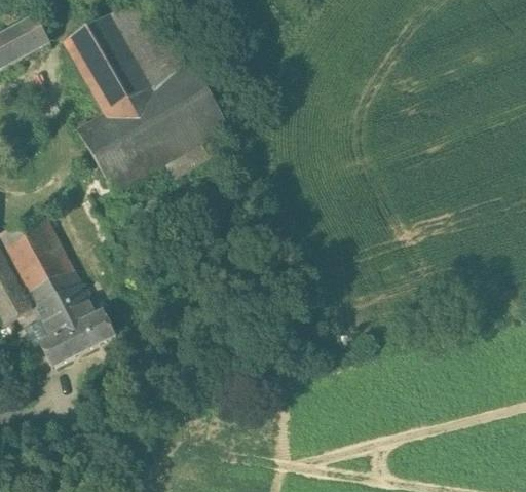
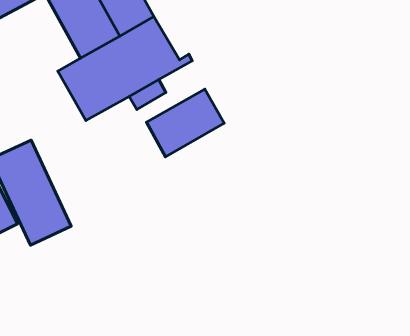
building: none -> [146,89,224,157]
building: [37,310,116,369] -> none

